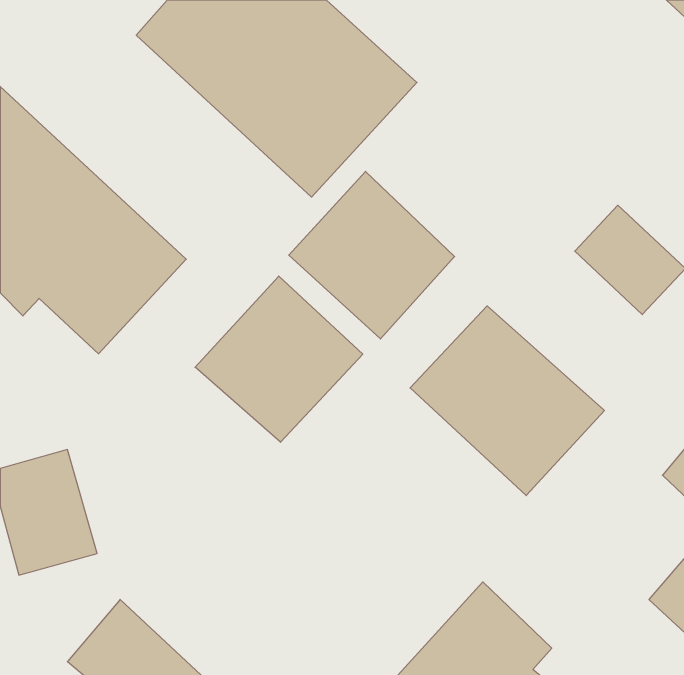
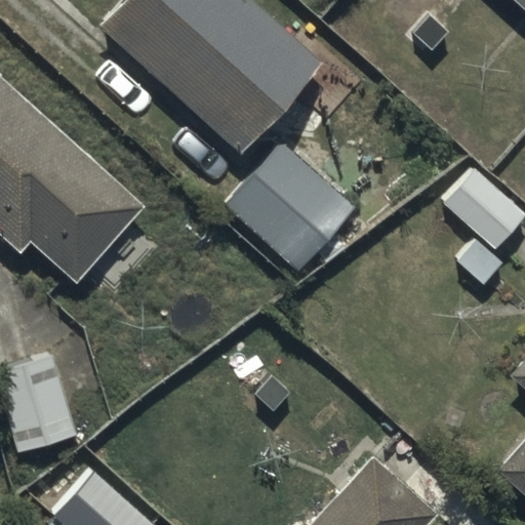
building: [195,276,363,442] -> none
building: [410,306,604,496] -> none

